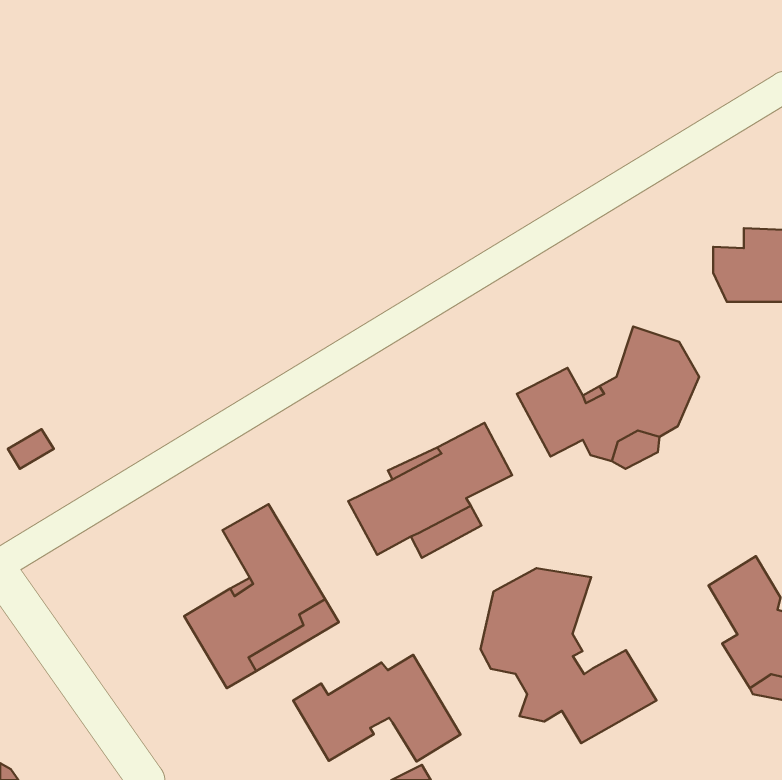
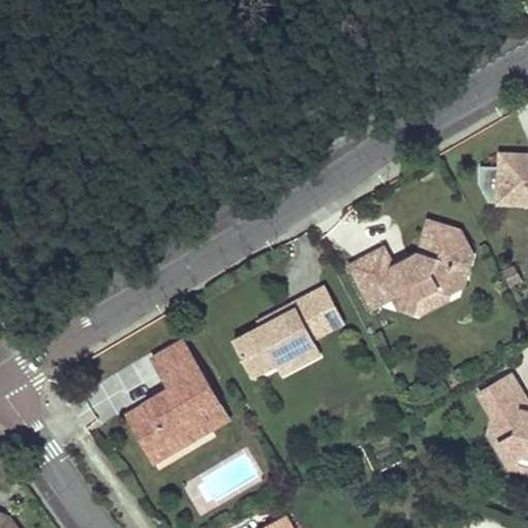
building: [480,568,656,743] -> none
building: [293,655,460,762] -> none

